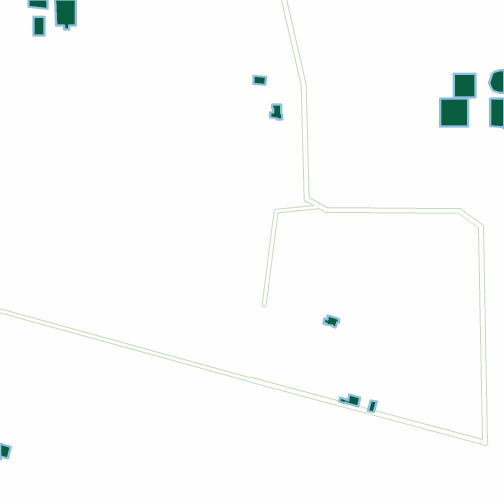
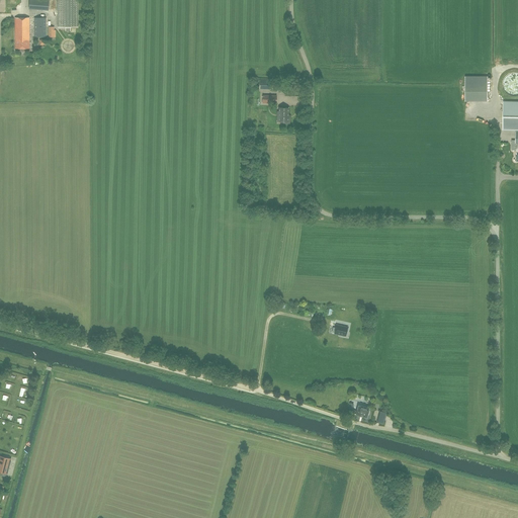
building: none -> [15,17,29,48]
building: [440,98,468,127] -> none

